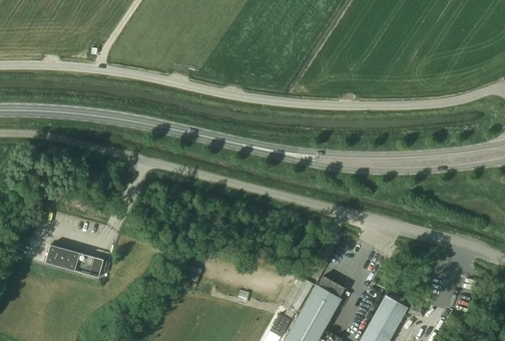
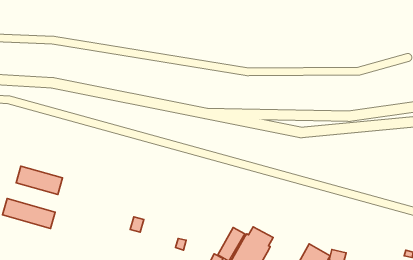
building: none -> [16,166,63,195]

